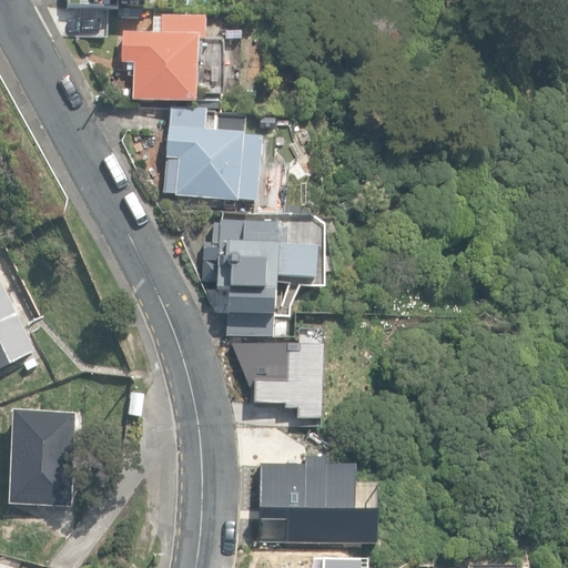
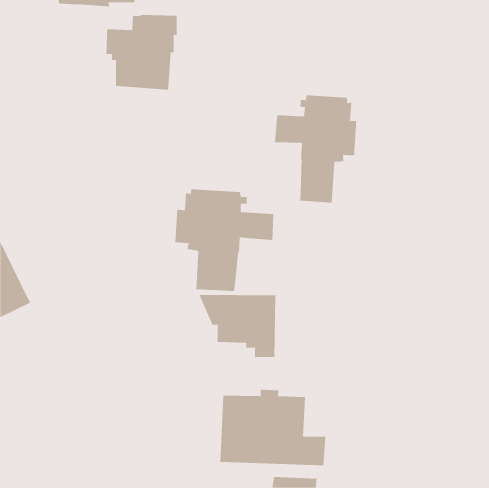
building: [164,103,261,203] -> none
building: none -> [275,95,357,204]
building: [9,409,74,505] -> none

